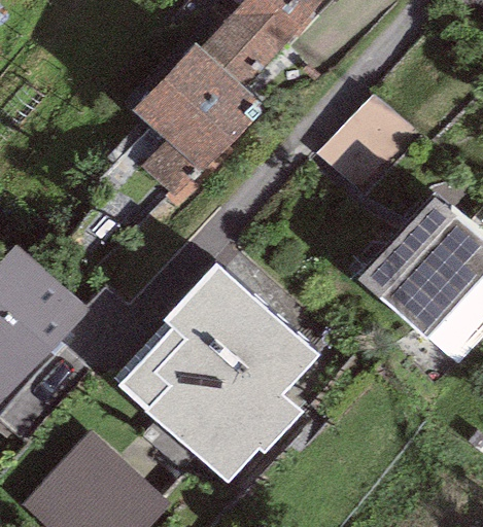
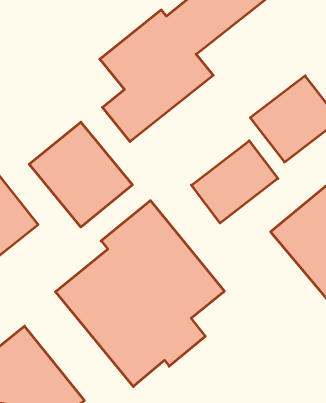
building: none -> [191,141,278,223]
building: none -> [29,122,132,227]

